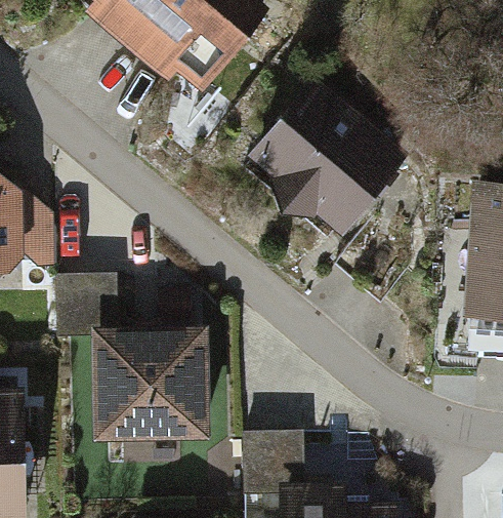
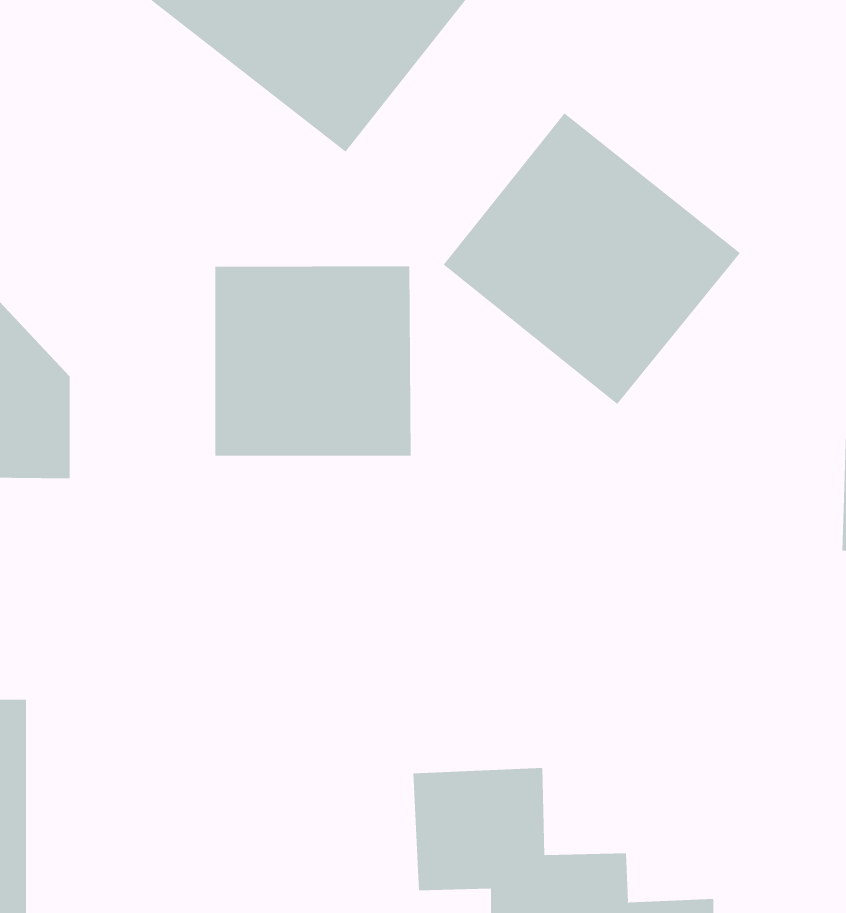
building: none -> [215,266,411,457]
building: [54,277,201,439] -> none

